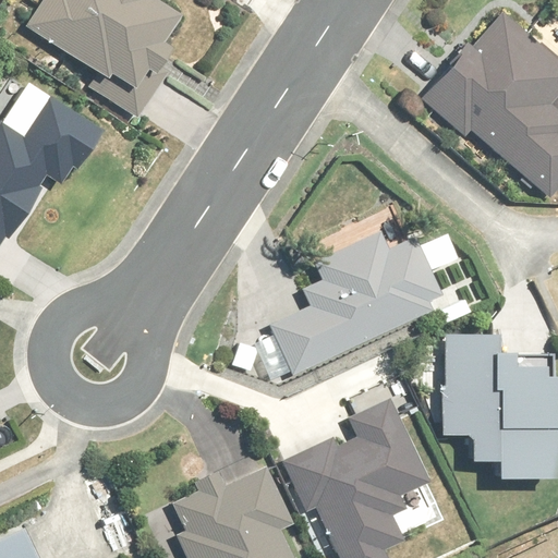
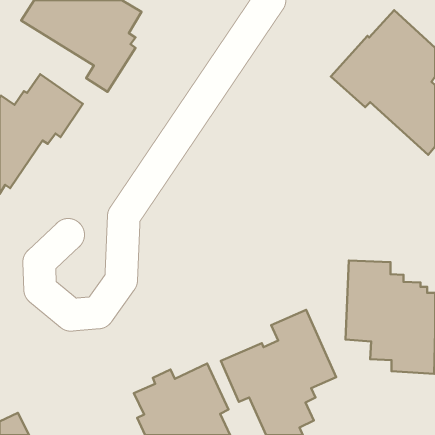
building: [270,231,472,372] -> none

